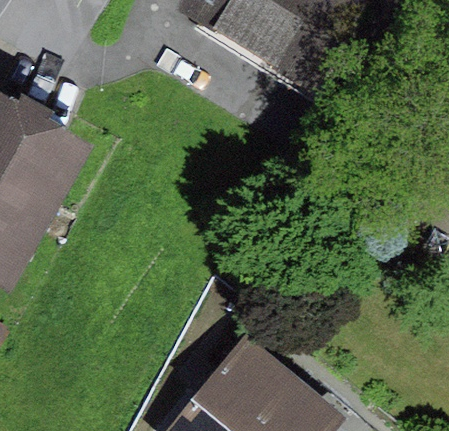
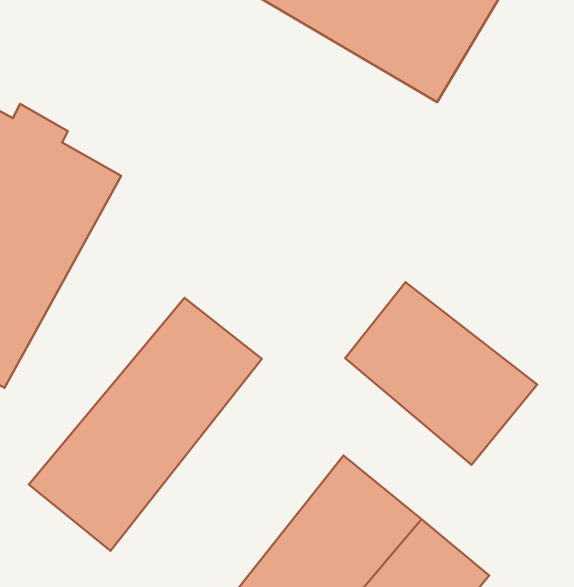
building: none -> [345,282,537,465]
building: none -> [29,298,262,551]

